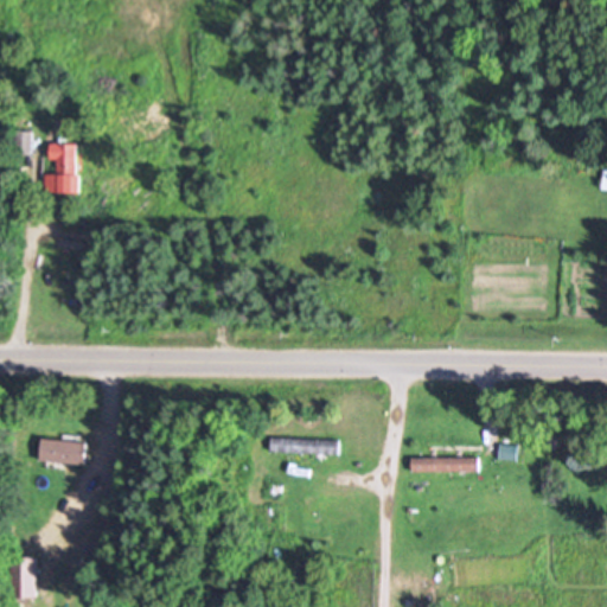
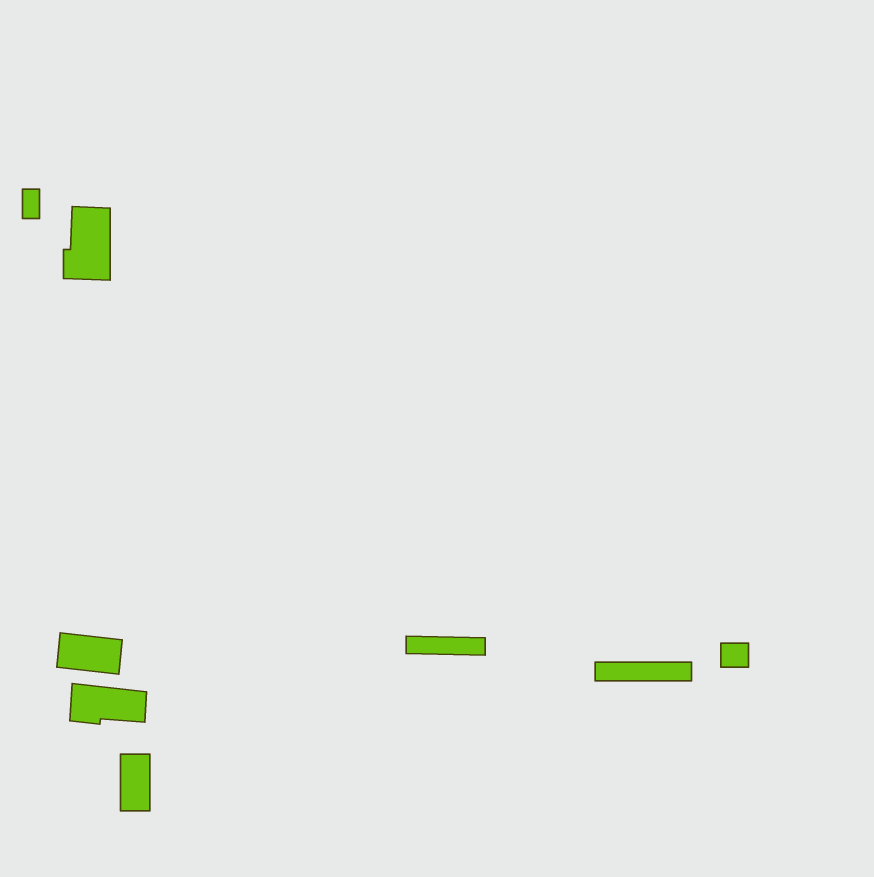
building: none -> [70,684,146,724]
building: [14,558,34,598] -> [120,754,150,811]

